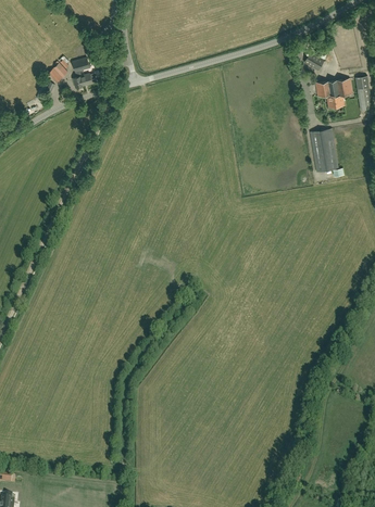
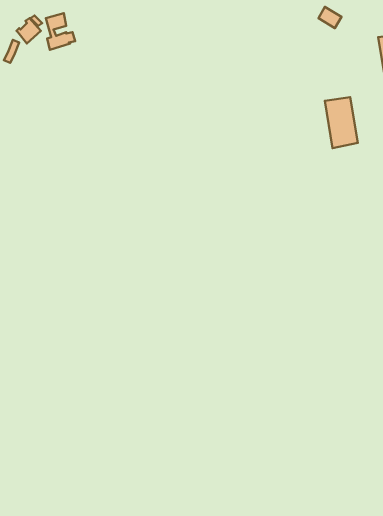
building: [315,79,352,107] -> none

